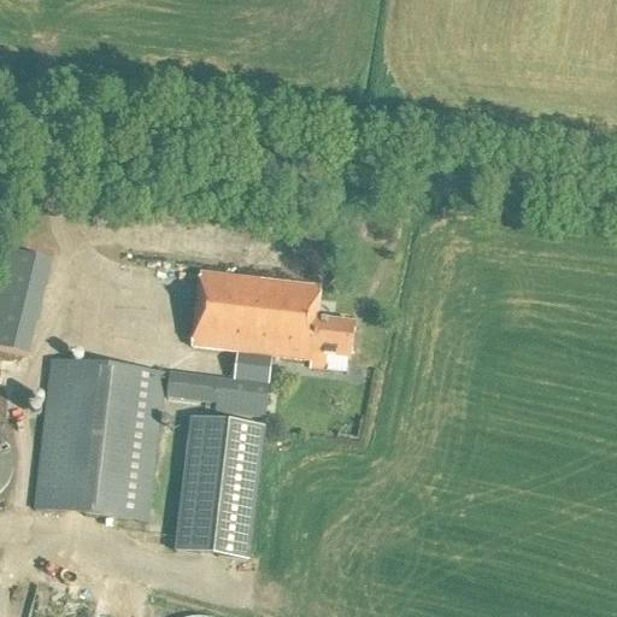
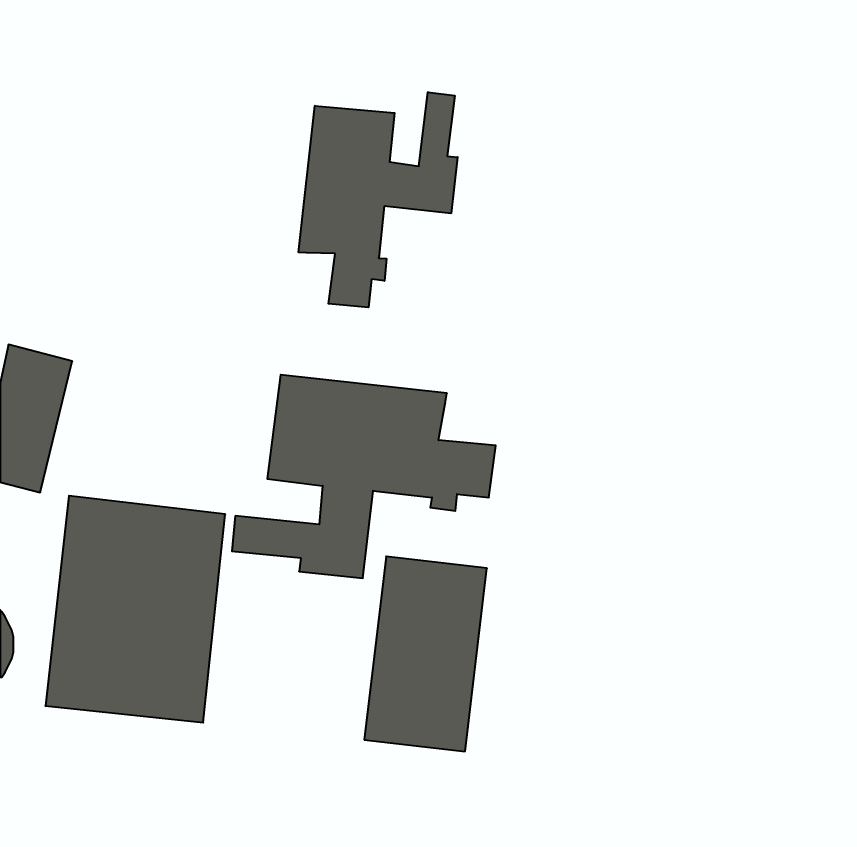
building: none -> [299,92,458,307]
building: [175,416,263,556] -> [364,556,487,751]

